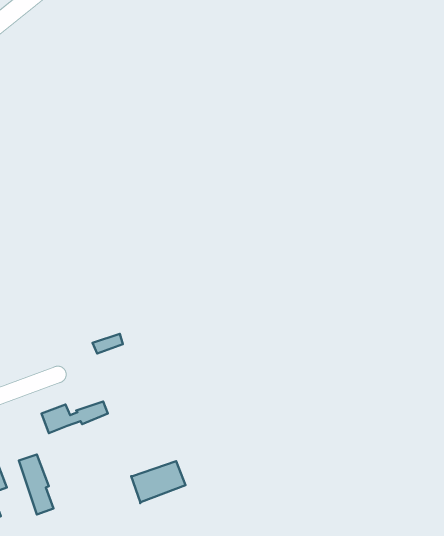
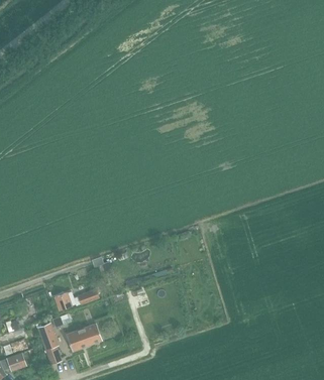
building: [131,461,185,503] -> [66,324,102,352]

